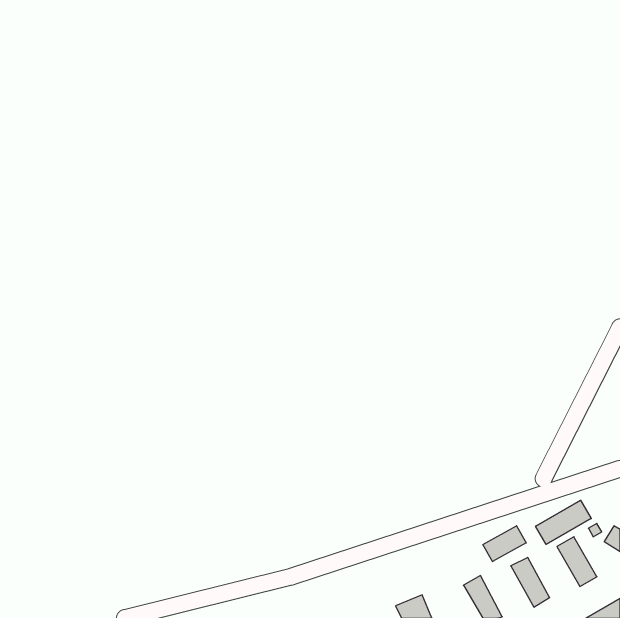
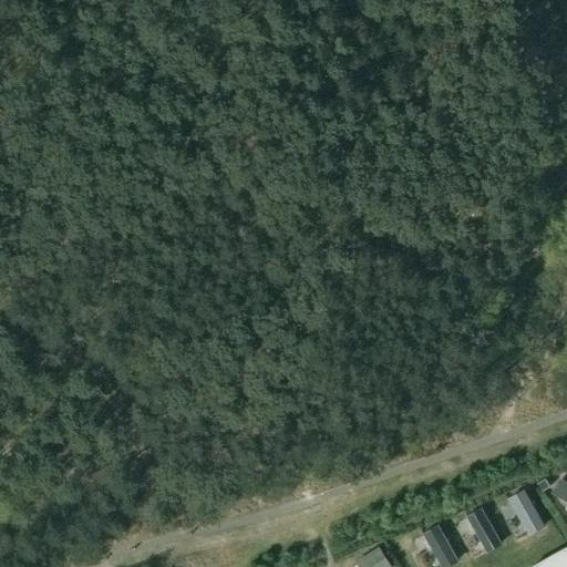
building: [536,500,591,544] -> none
building: [483,526,526,562] -> none

